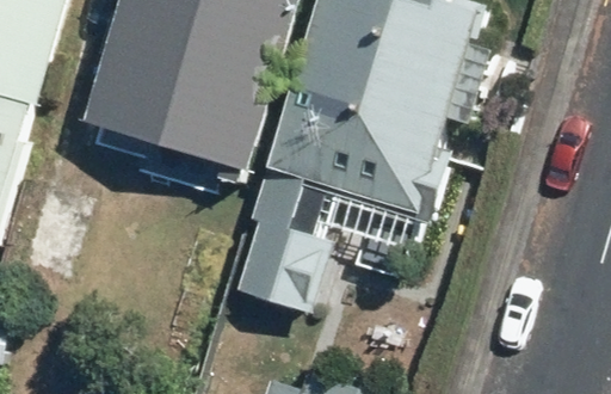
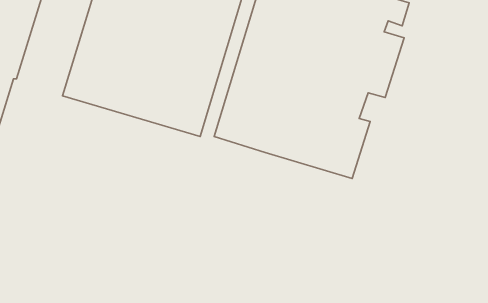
building: [234,170,329,315] -> none

